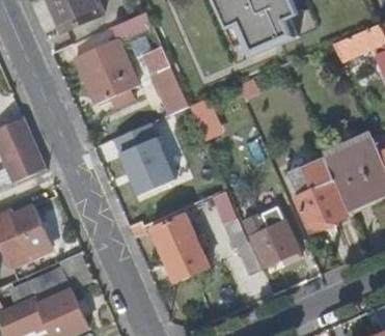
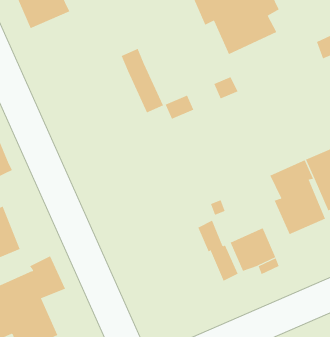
building: [74,10,154,107] -> none
building: [113,123,173,196] -> none
building: [154,213,205,273] -> none

